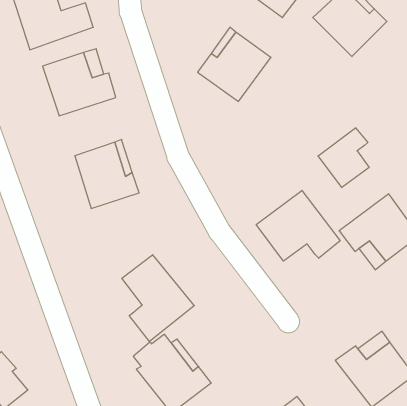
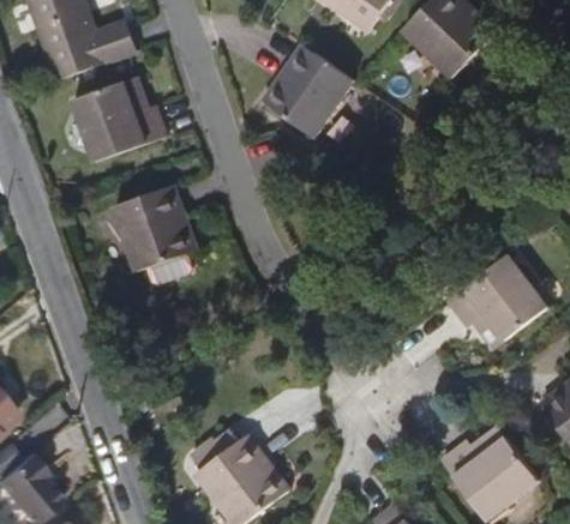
building: [318,128,369,188] -> none
building: [256,190,340,261] -> none
building: [122,255,194,341] -> none

